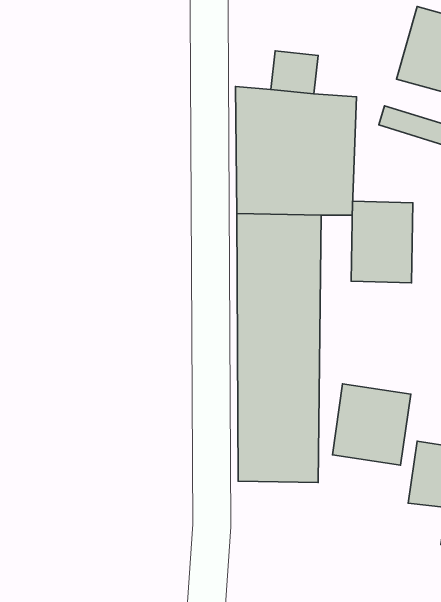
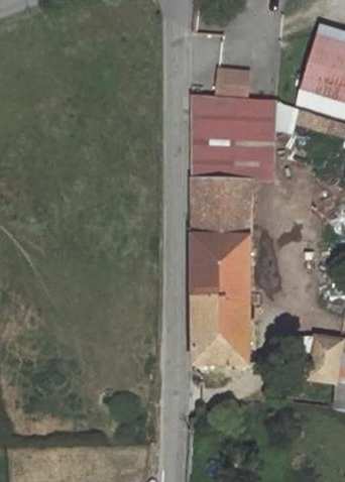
building: [351,201,413,283] -> none
building: [333,384,411,465] -> none

